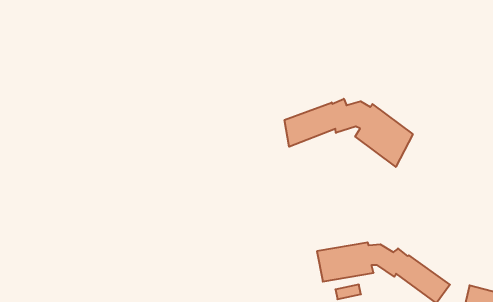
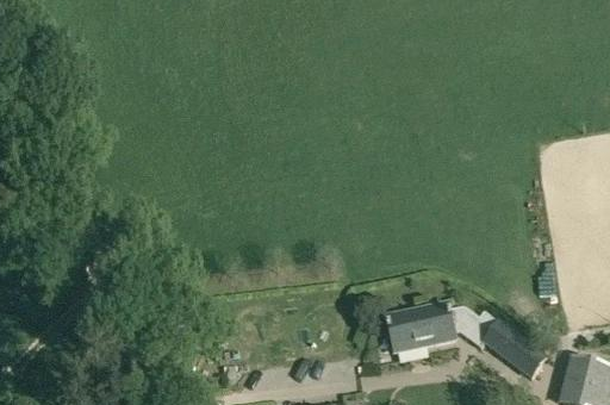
building: [285,99,413,167] -> none

